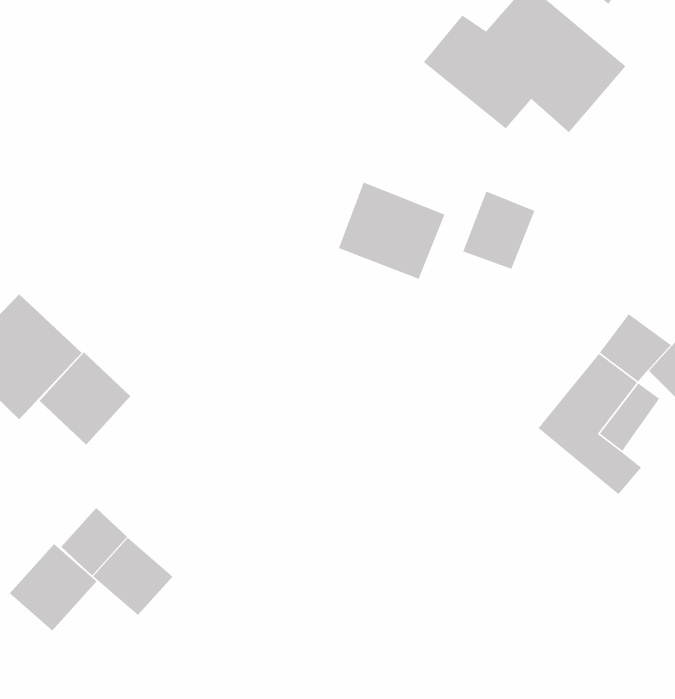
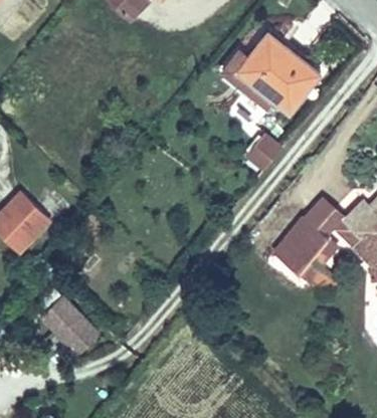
building: [338,181,445,280] -> none
building: [39,351,131,445] -> none
building: [9,543,98,631] -> none

